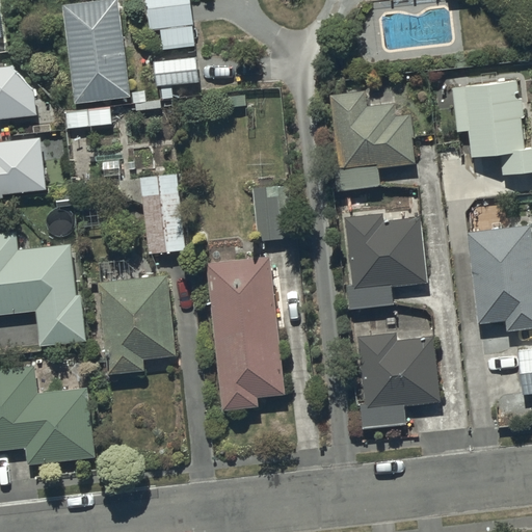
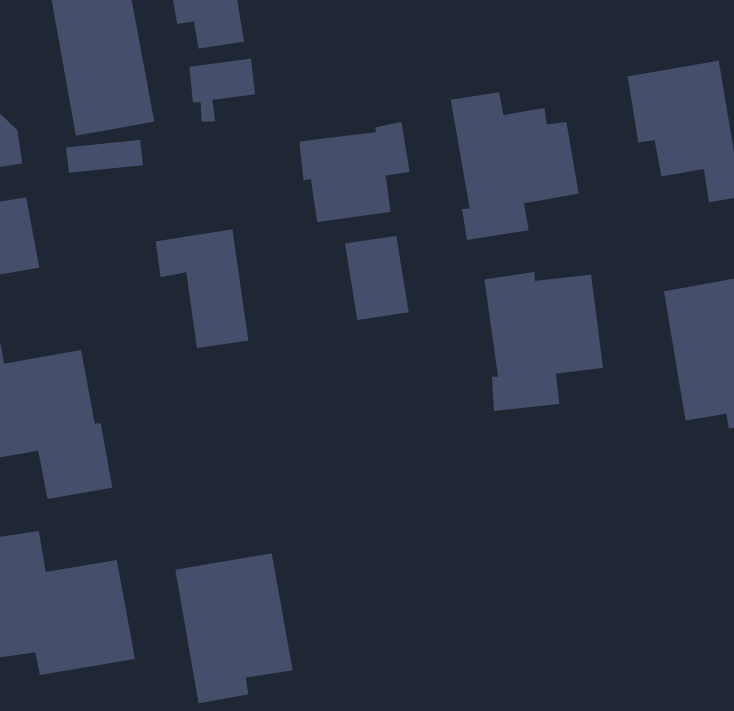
building: none -> [299,121,410,223]
building: [202,258,281,414] -> none
building: [97,277,174,377] -> [174,553,294,704]
building: [353,334,437,430] -> none

